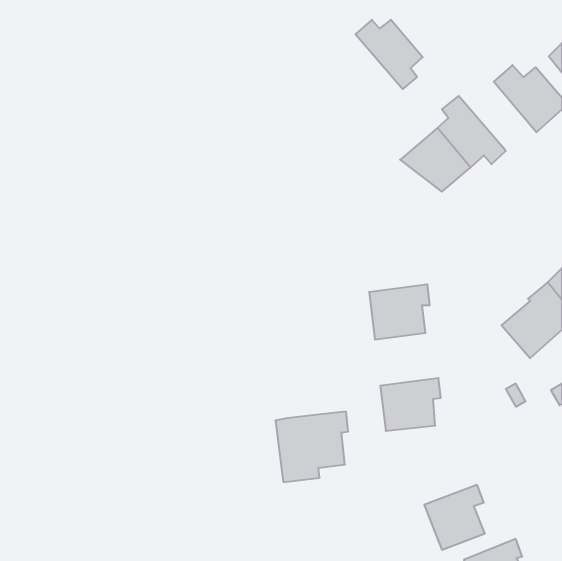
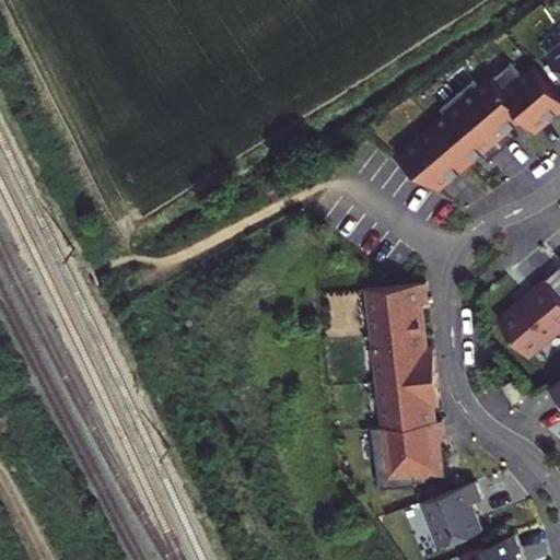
building: [355,20,423,89] -> [455,83,522,152]
building: none -> [372,332,435,385]
building: [275,412,348,482] -> [371,423,443,493]

